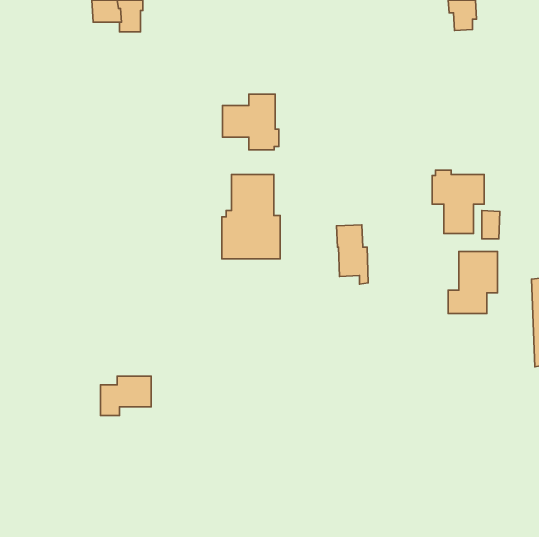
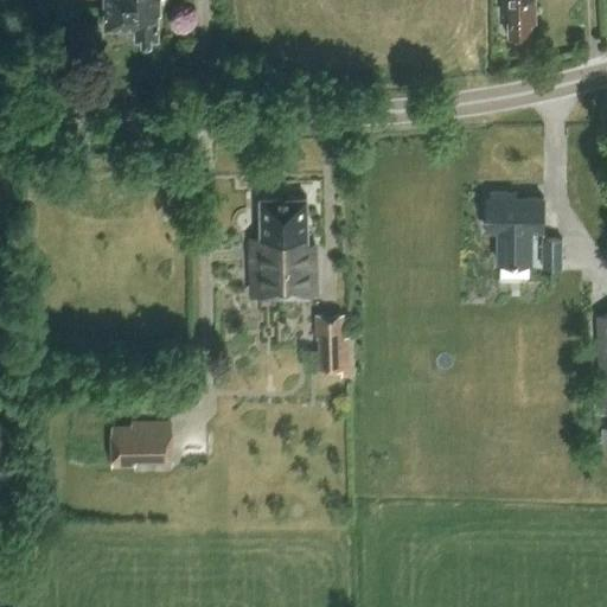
building: [223,94,279,150] -> none
building: [336,225,368,284] -> [315,314,351,381]
building: [448,251,498,314] -> none

